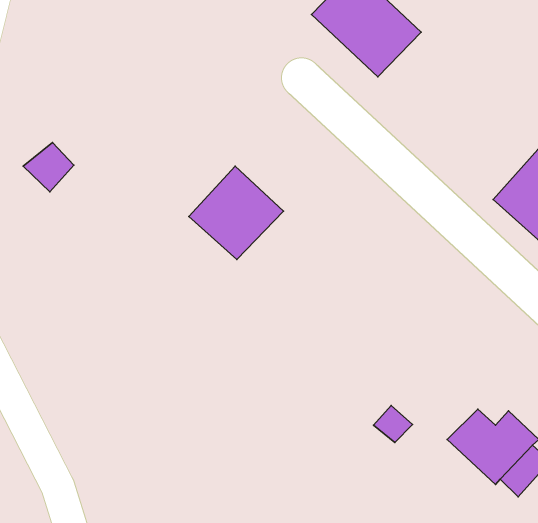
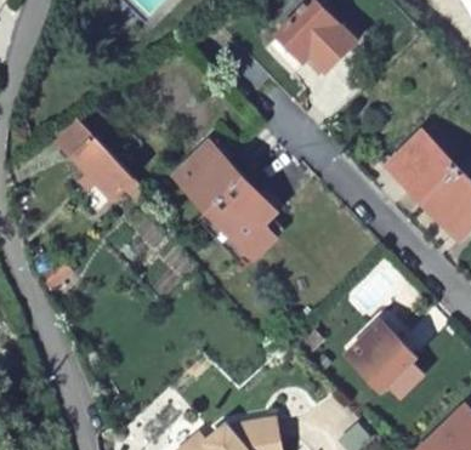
building: none -> [75,138,136,199]
building: none -> [206,180,272,245]

